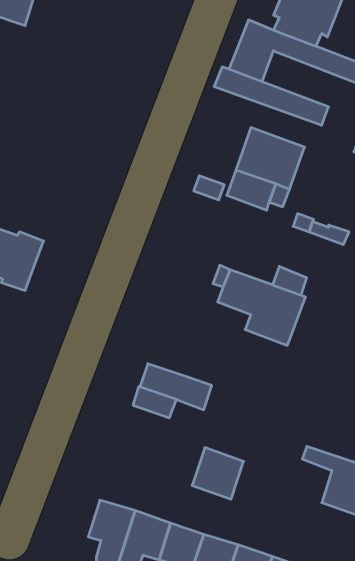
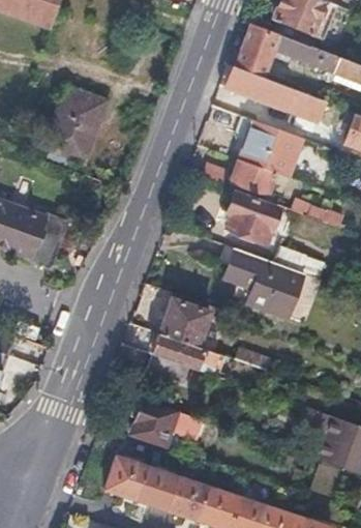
building: none -> [46,88,102,163]
building: none -> [225,192,278,241]
building: none -> [160,299,209,346]
building: [192,448,244,499] -> [132,399,179,445]

